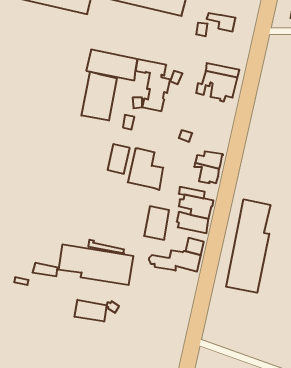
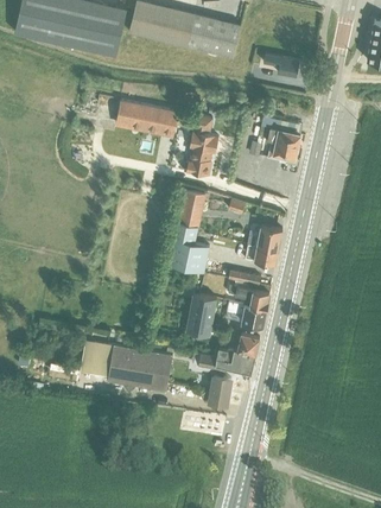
building: [81,72,117,121] -> none
building: [108,144,130,174] -> [179,190,207,227]
building: [226,199,270,293] -> none
building: none -> [201,372,233,406]
building: [75,300,107,322] -> none

